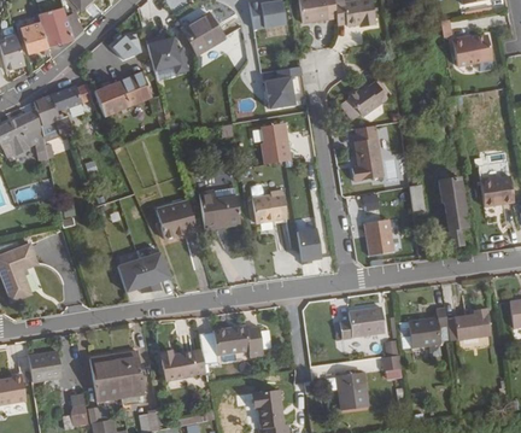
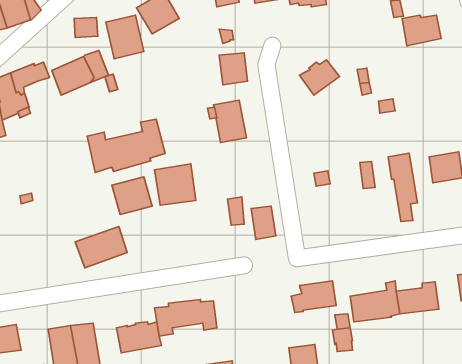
building: [352,125,384,181] -> none
building: none -> [87,119,165,172]
building: [251,193,287,223] -> none
building: [364,218,393,256] -> none

